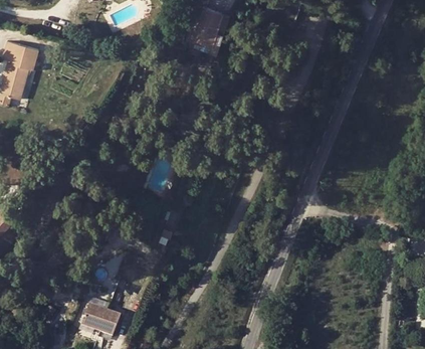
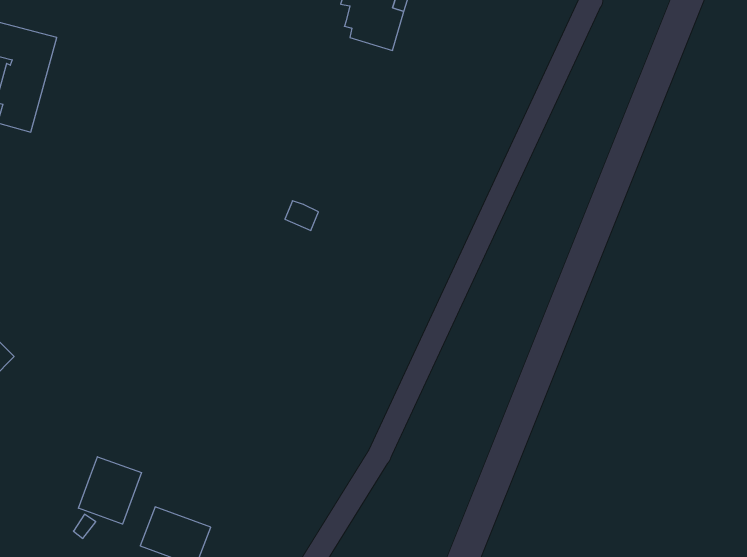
building: none -> [78,457,142,524]

